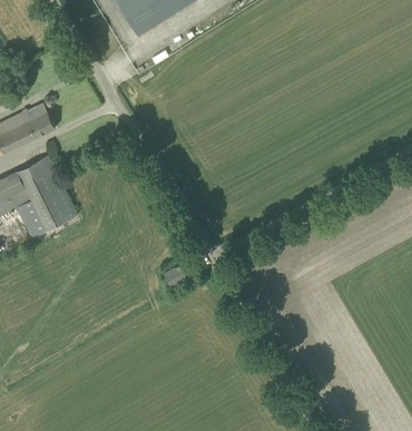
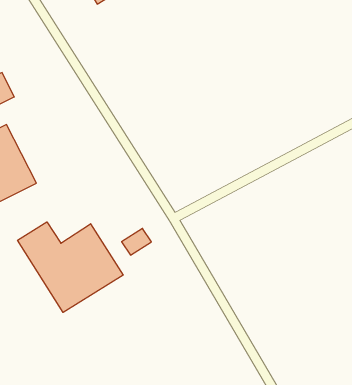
building: none -> [18,222,123,312]

